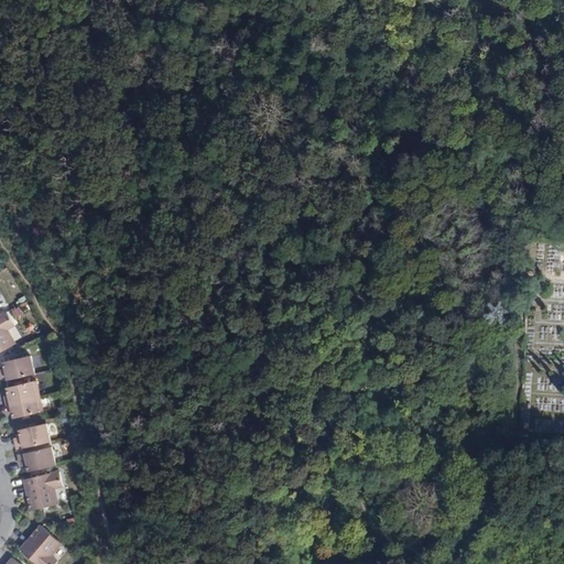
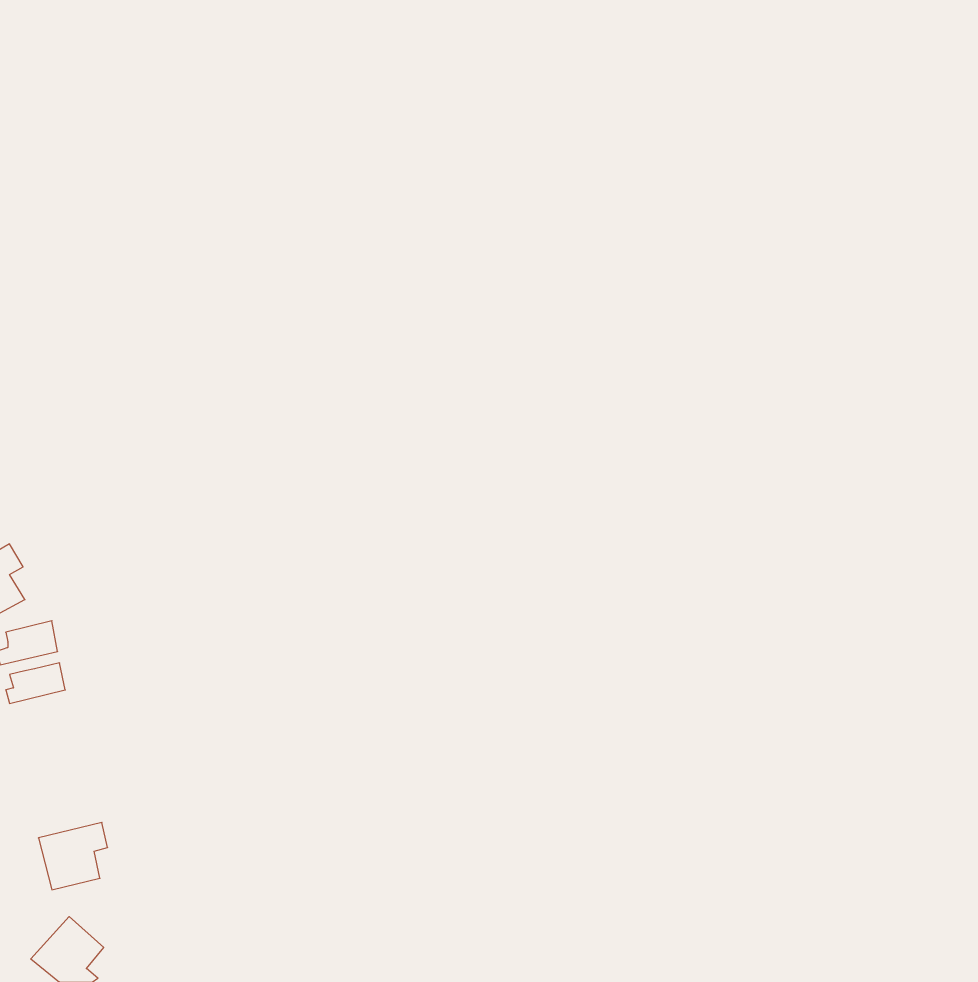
building: [6,395,42,417] -> none
building: [13,422,50,449] -> none
building: [18,446,55,470] -> none

